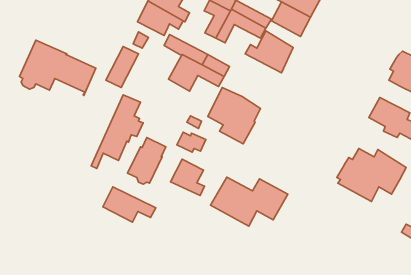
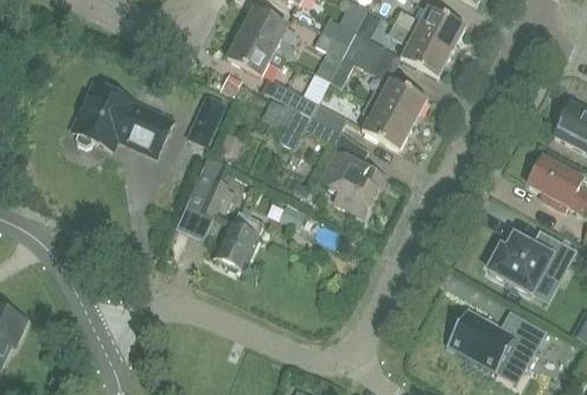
building: none -> [361,101,414,151]
building: [170,159,205,195] -> none
building: [211,177,288,226] -> [446,308,547,372]
building: [103,187,156,222] -> none

